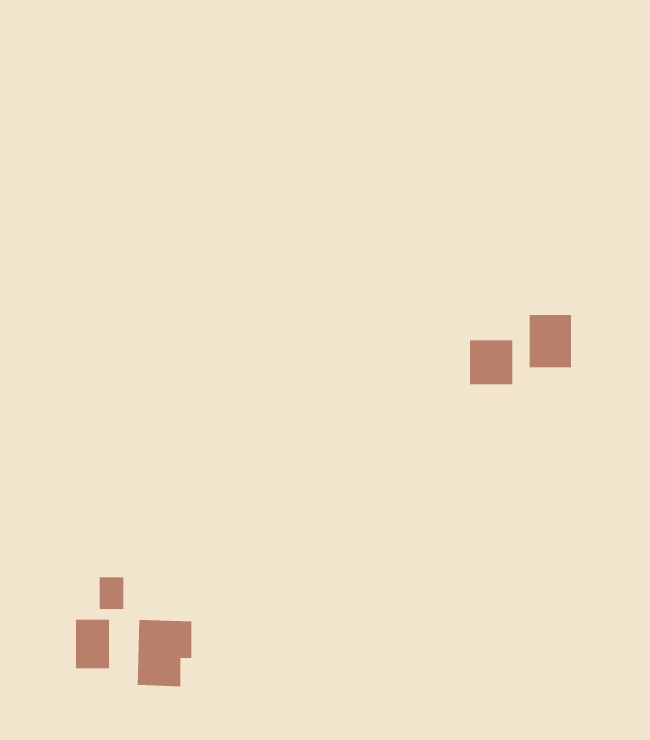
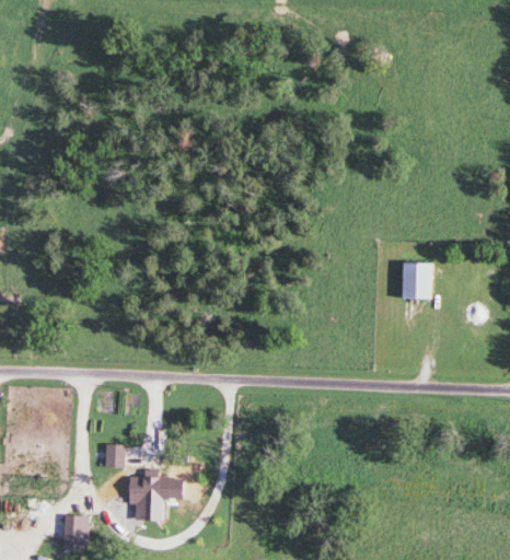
building: [469,339,513,385] -> none
building: [75,619,110,669] -> [63,515,88,550]

